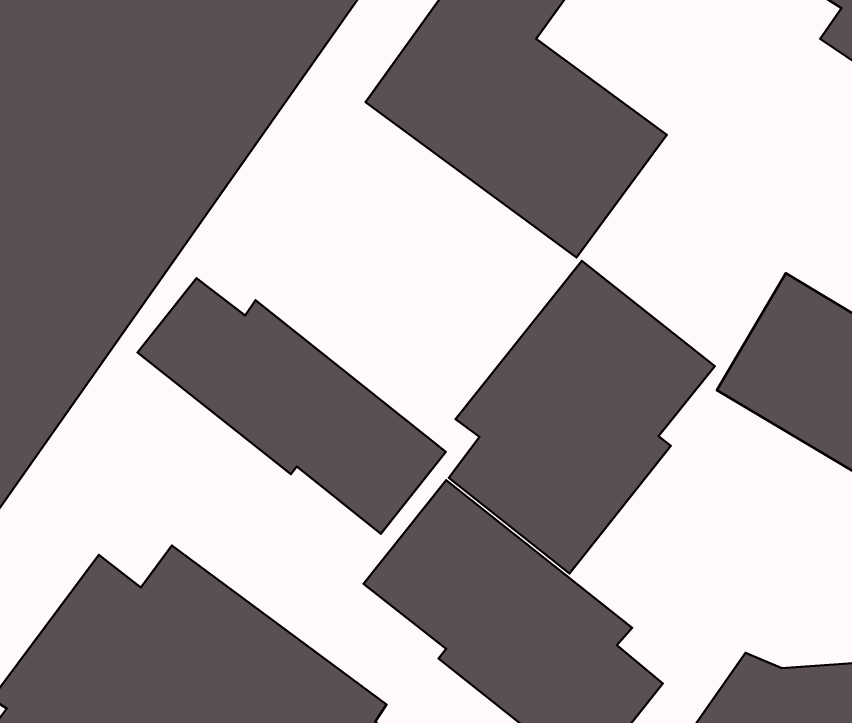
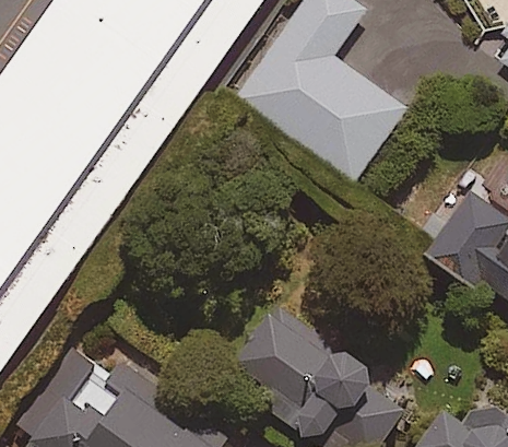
building: [449,261,715,574] -> none
building: [137,278,446,534] -> none

